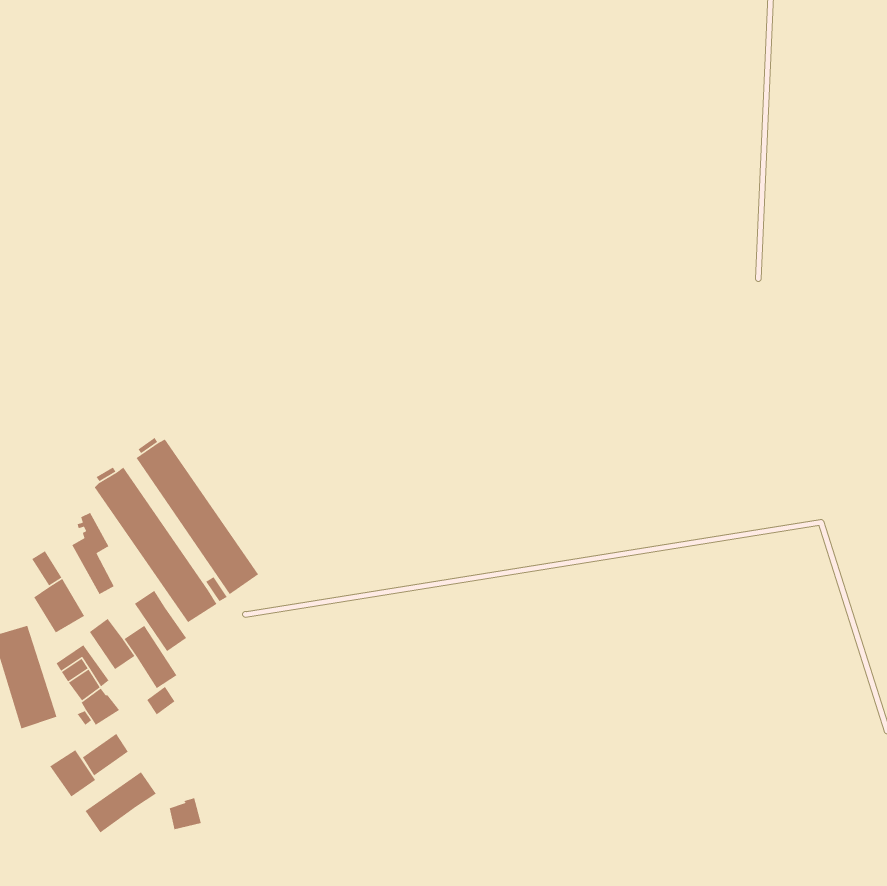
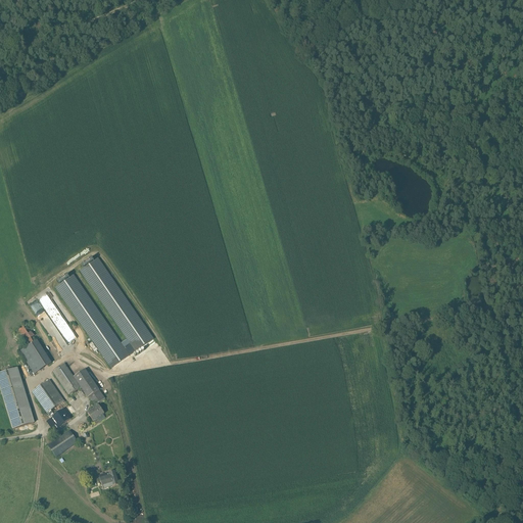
building: [134,590,187,652] -> none
building: [49,749,96,798] -> none
building: [84,771,157,834] -> none

